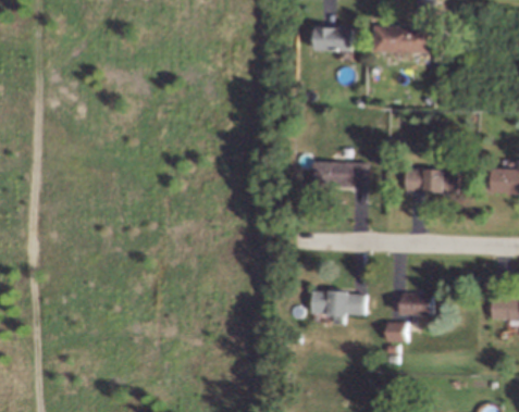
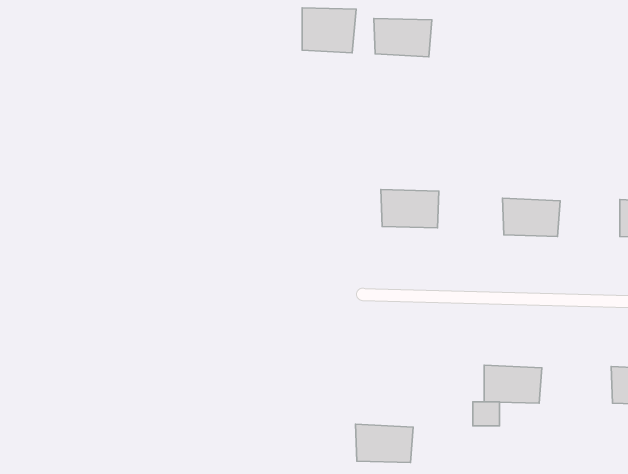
building: none -> [302,8,356,53]
building: [376,24,420,53] -> none
building: [312,290,357,320] -> [355,424,413,462]

